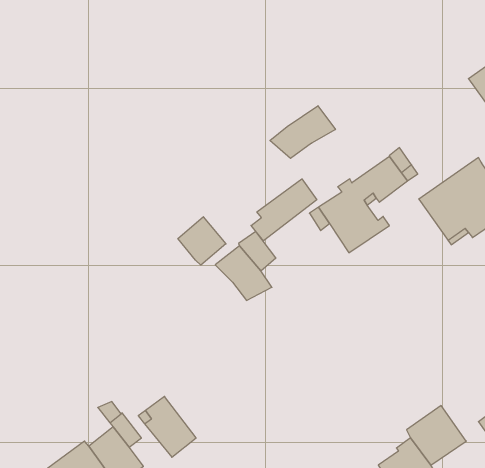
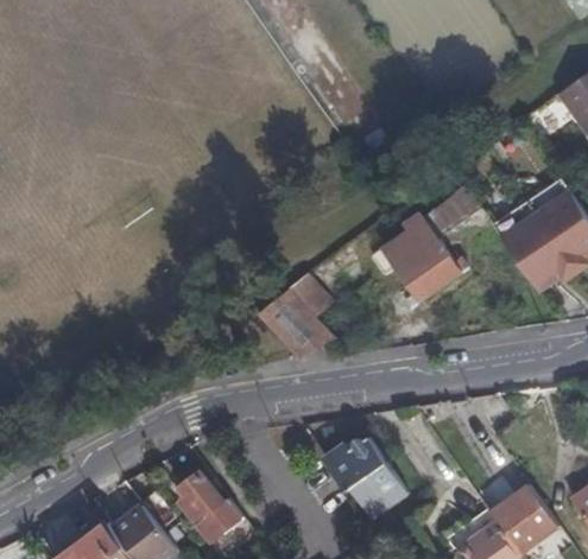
building: [270,106,335,158] -> none
building: [251,179,317,241] -> none
building: [178,217,226,265] -> none
building: none -> [322,437,405,507]

